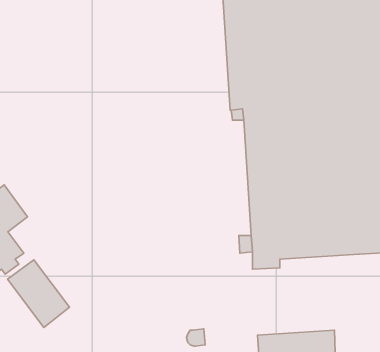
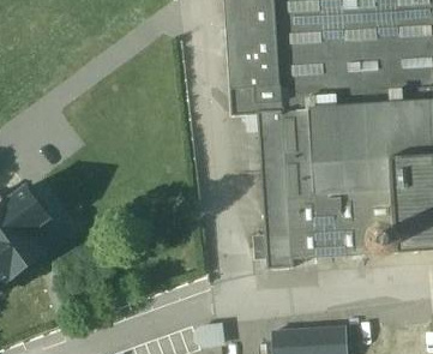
building: [8,260,70,328] -> none

